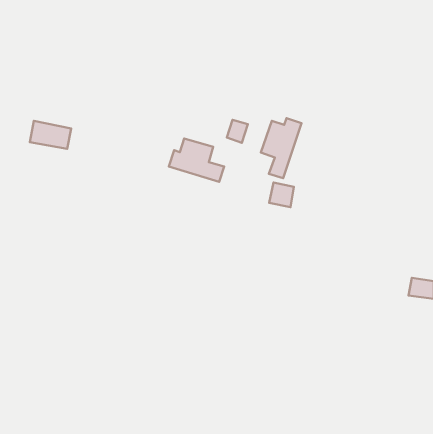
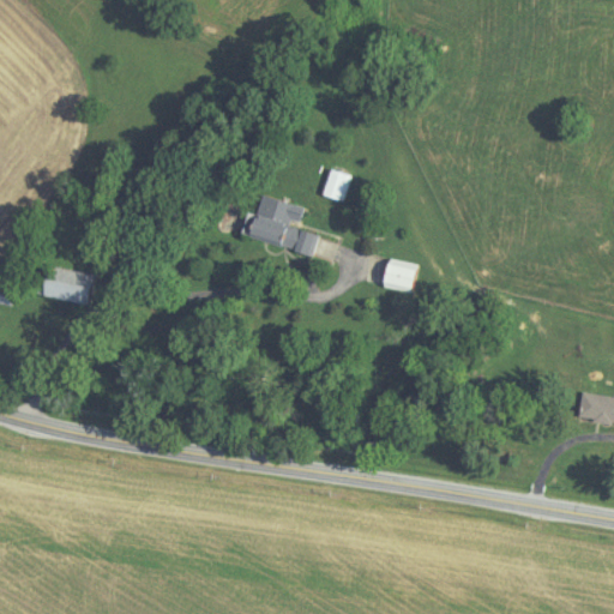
building: [261,118,301,178] -> none
building: [30,121,71,149] -> [35,264,94,303]

